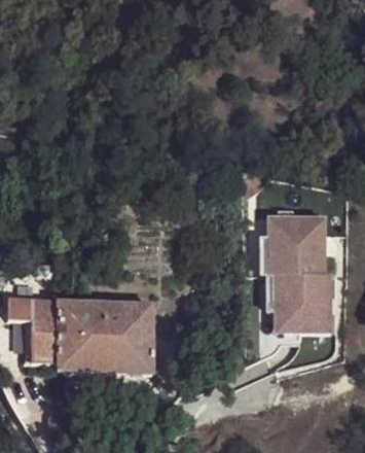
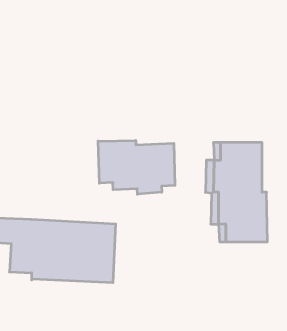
building: none -> [98,140,175,194]

